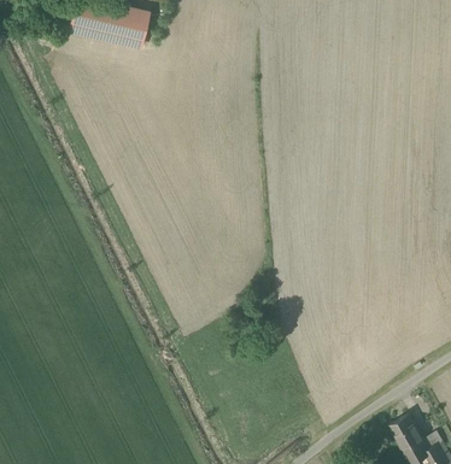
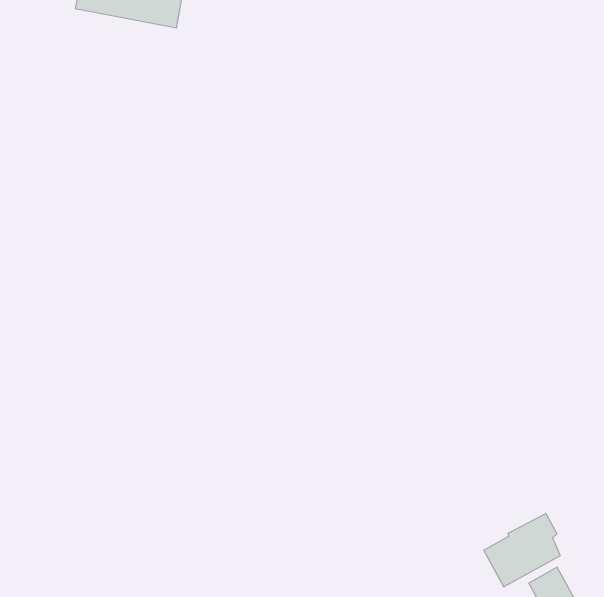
building: none -> [484,513,560,587]

